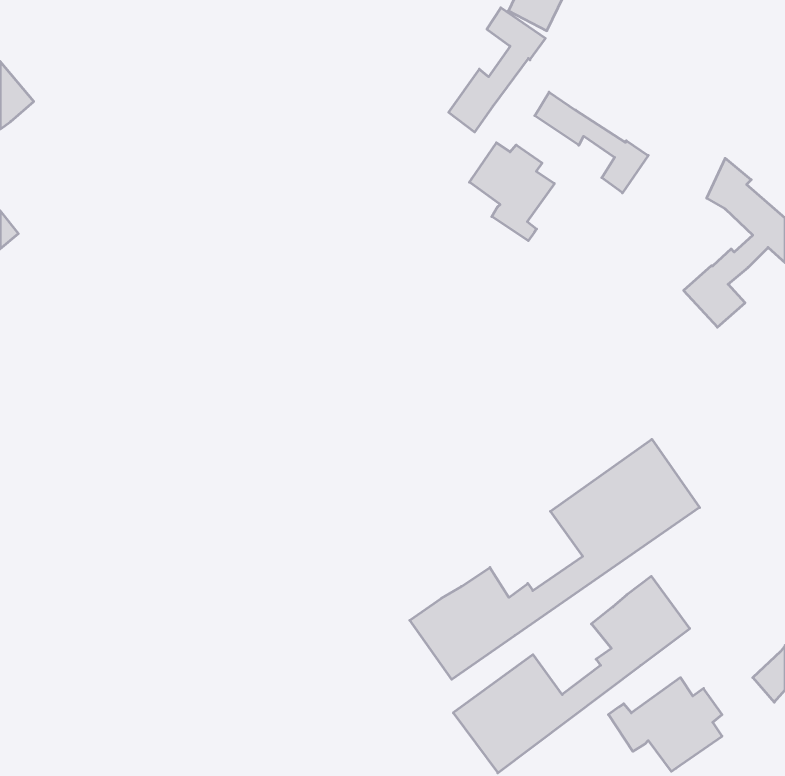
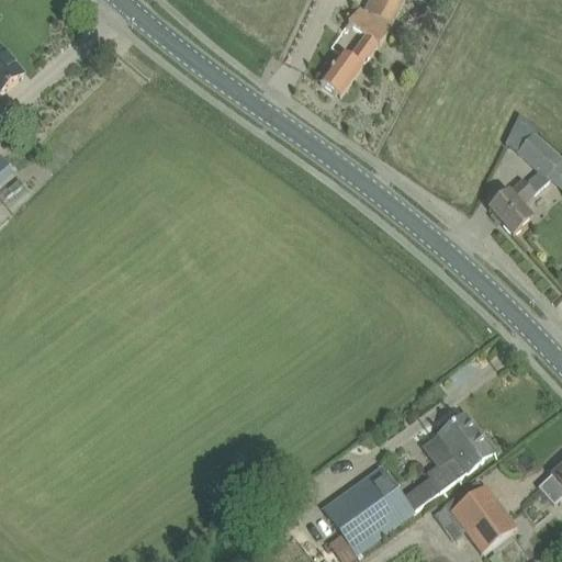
building: [535,92,648,193] -> none
building: [469,143,554,241] -> none
building: [410,439,700,679] -> none

